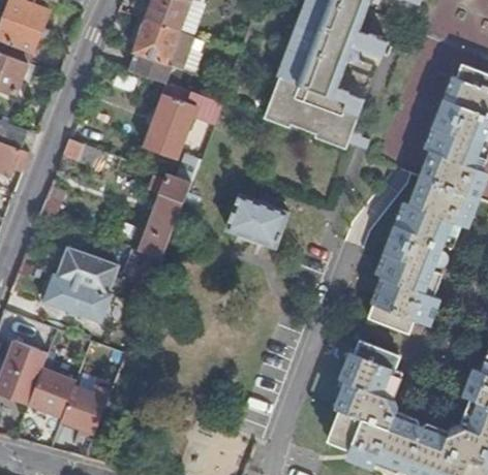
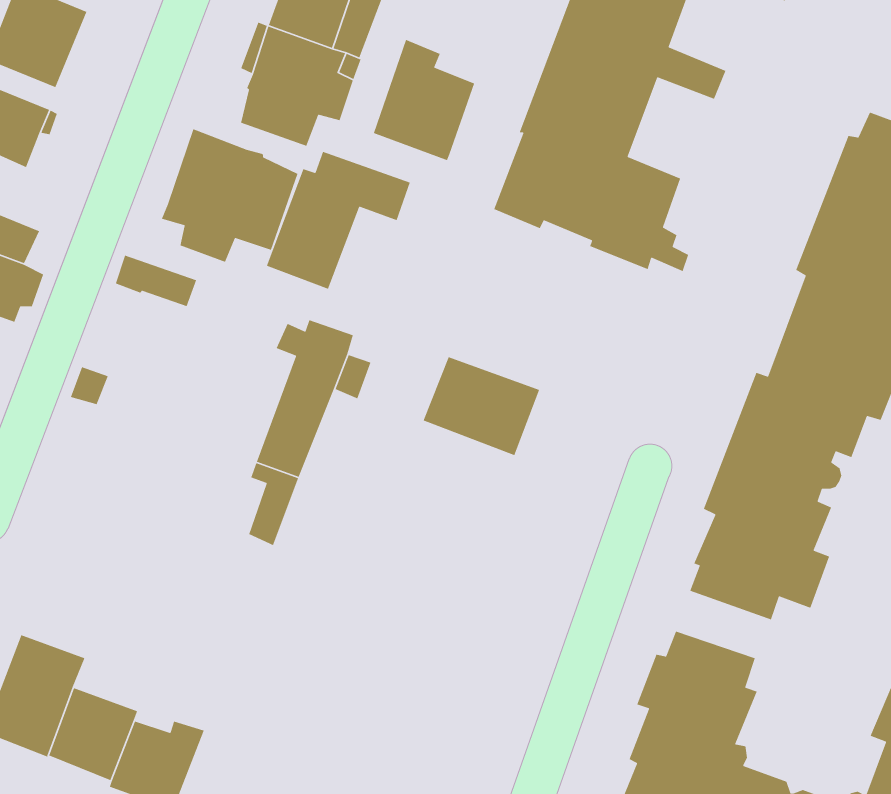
building: none -> [373,39,475,161]
building: none -> [161,128,299,263]
building: [41,248,116,323] -> none

